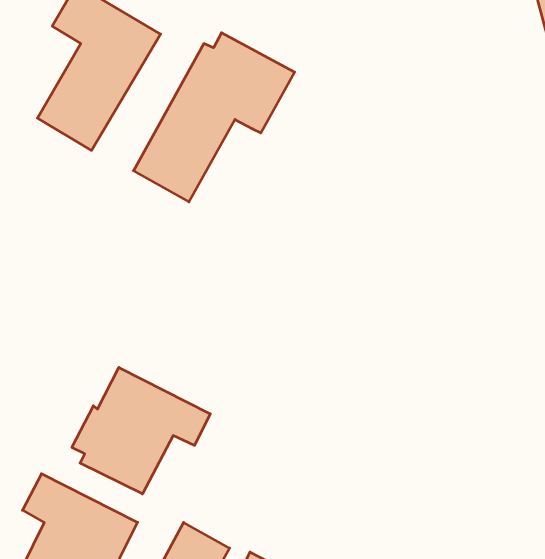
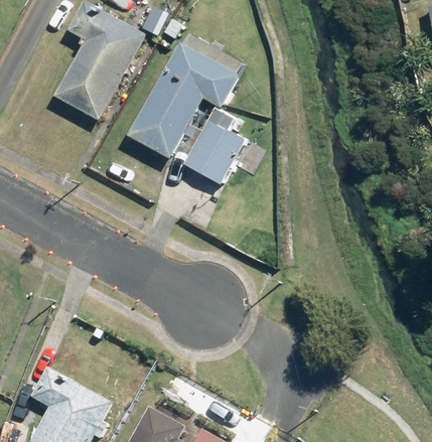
building: none -> [174,111,240,192]
building: [72,367,210,494] -> none

